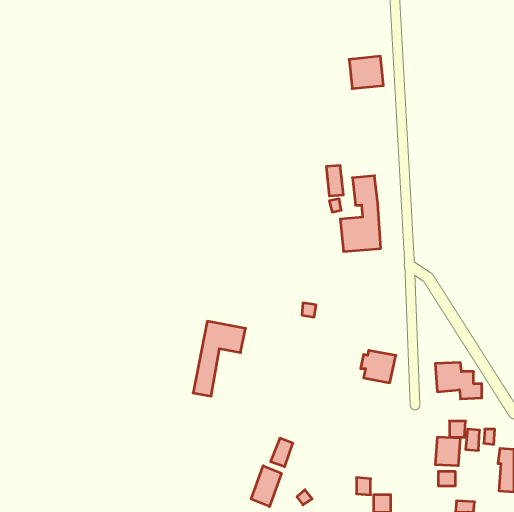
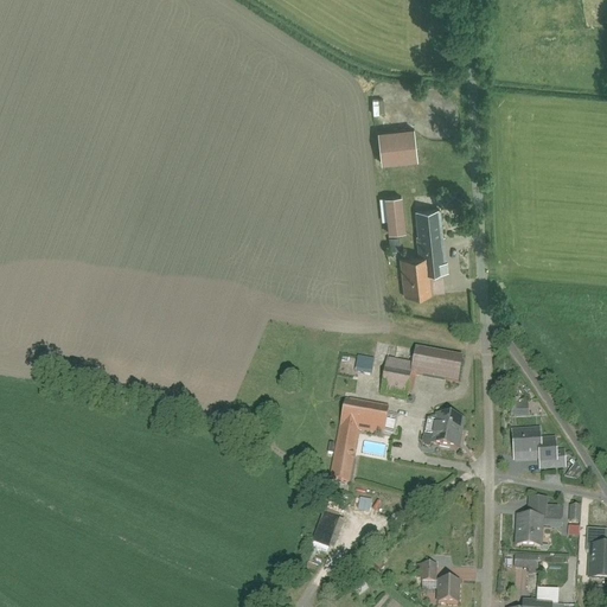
building: [349,56,383,89] -> [377,124,417,162]
building: none -> [381,346,464,397]
building: [193,321,246,396] -> [327,397,389,485]
building: [251,466,281,507] -> none

